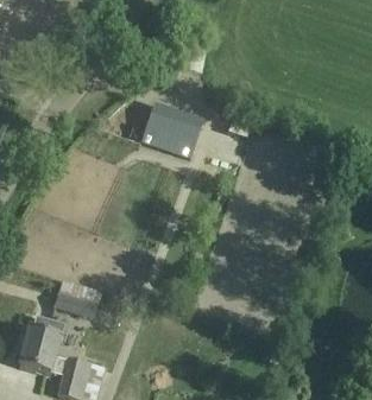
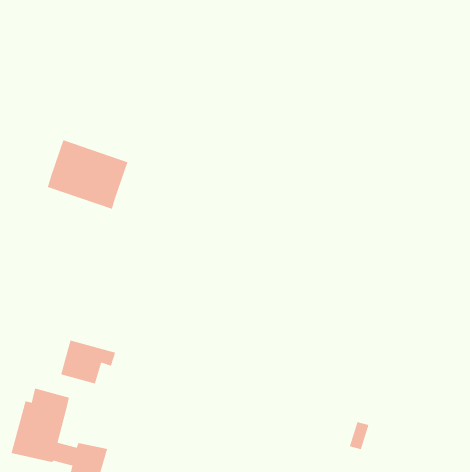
building: [141,103,202,155] -> [47,139,129,210]

